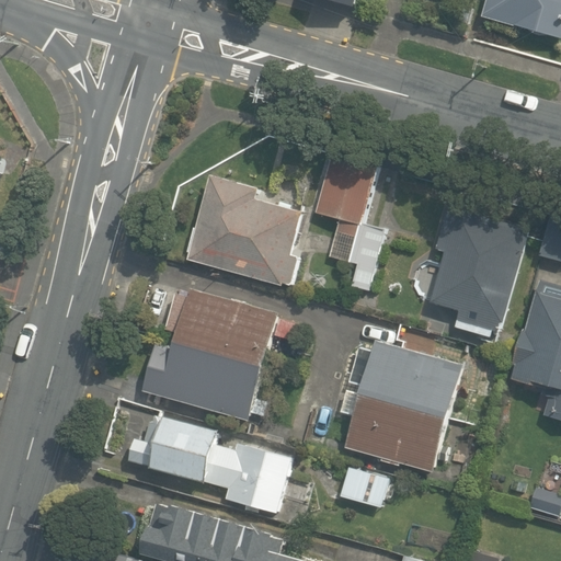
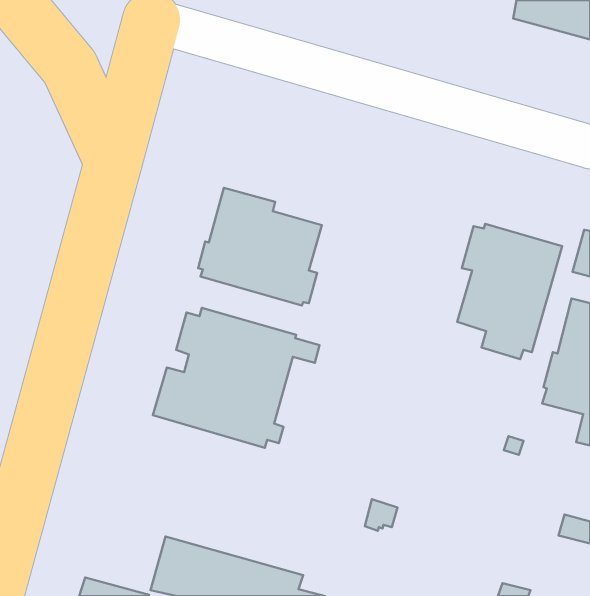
building: [316,154,383,290] -> none
building: [339,341,461,472] -> none
building: [128,415,294,513] -> none

